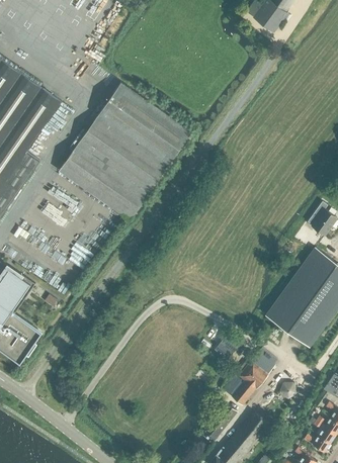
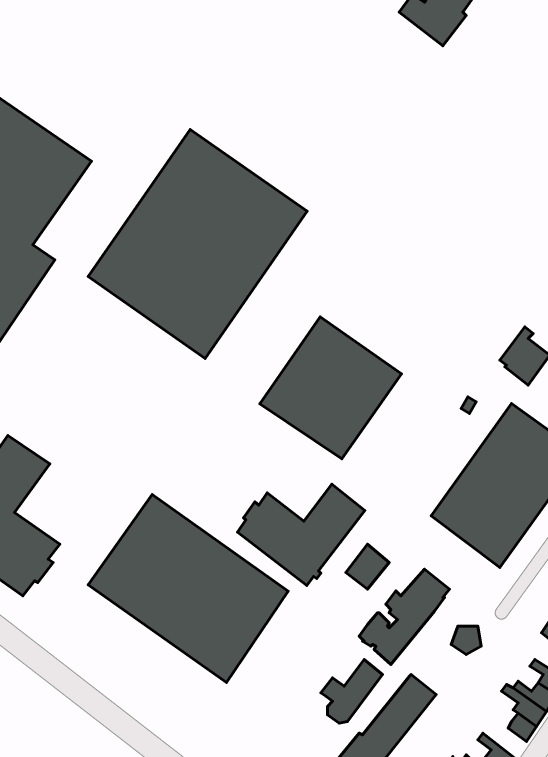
building: none -> [260,317,401,459]
building: none -> [237,484,365,585]
building: none -> [88,495,288,683]

